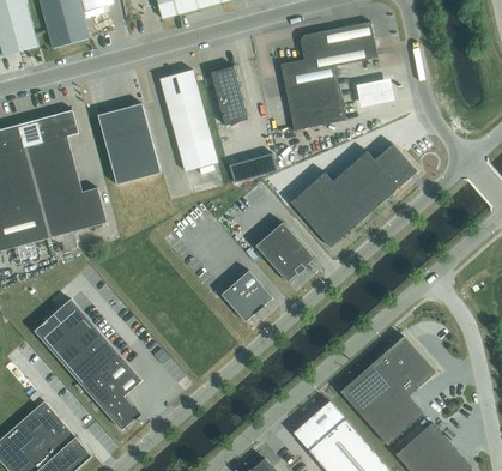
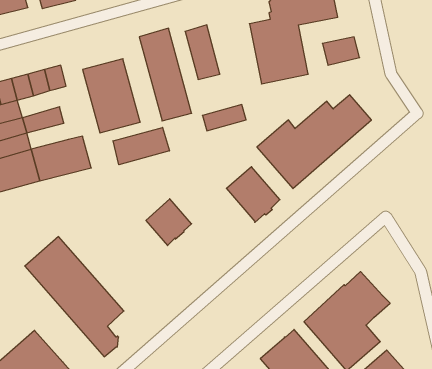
building: [25,137,72,168] -> none
building: [36,174,81,203] -> none
building: none -> [113,127,169,165]
building: [222,271,272,322] -> [146,199,192,246]

